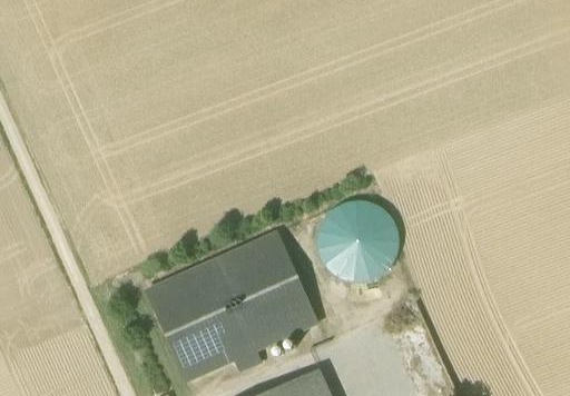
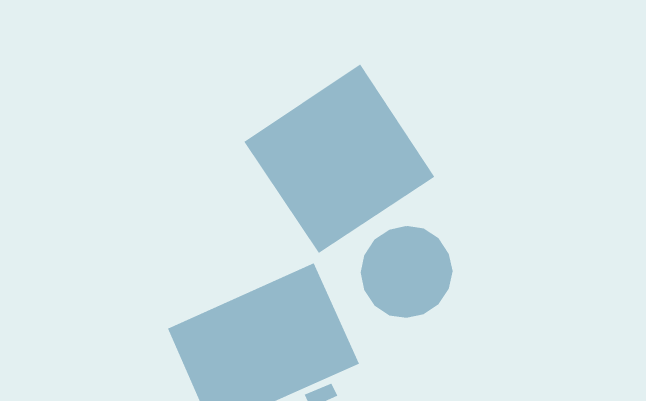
building: none -> [243,64,435,254]

